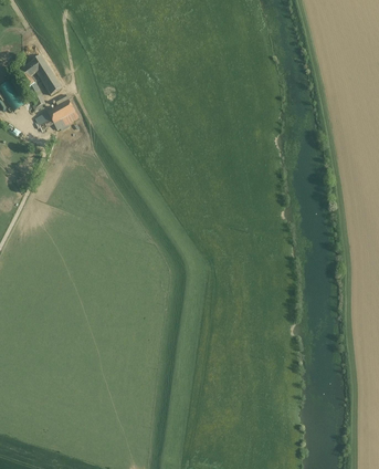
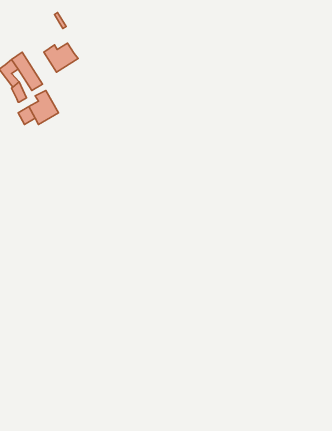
building: none -> [44,43,78,72]

